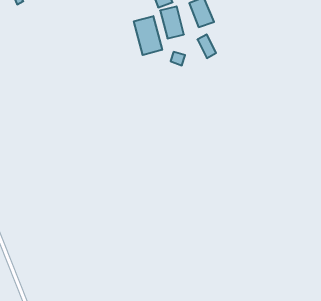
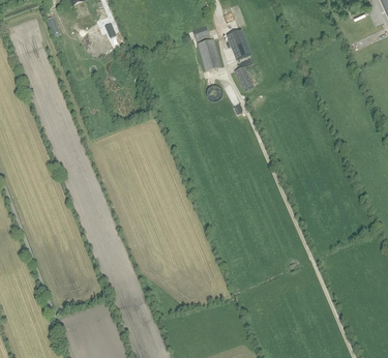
building: [134,16,162,55] -> none

